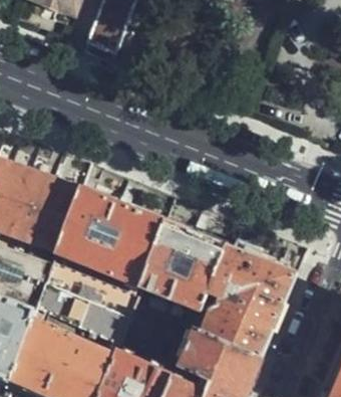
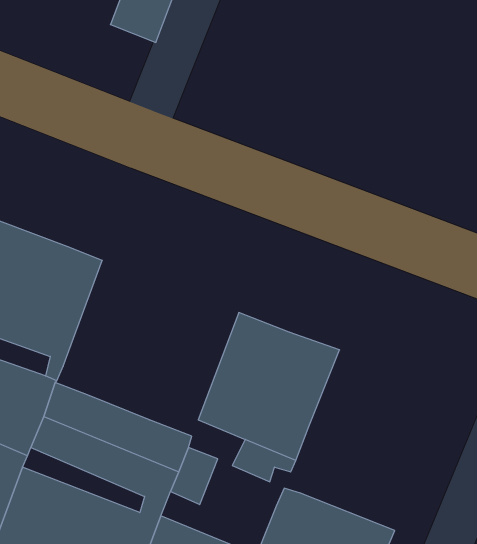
building: [57,191,165,289] -> none
building: [204,246,296,358] -> none

